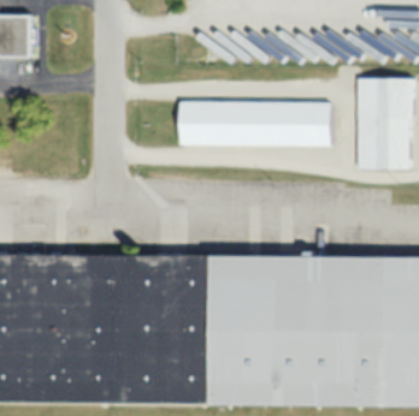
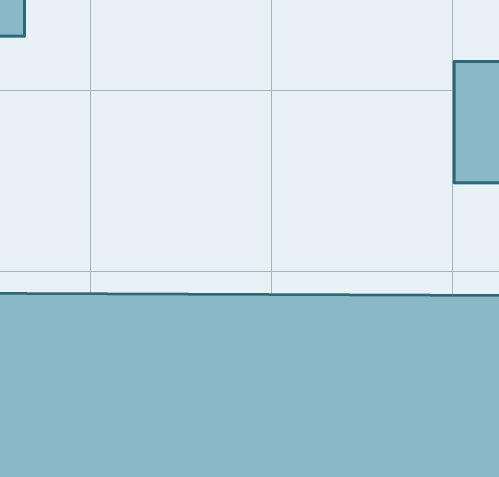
building: [177,102,329,147] -> none

